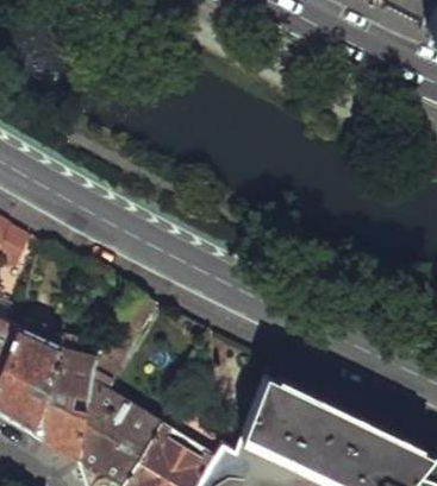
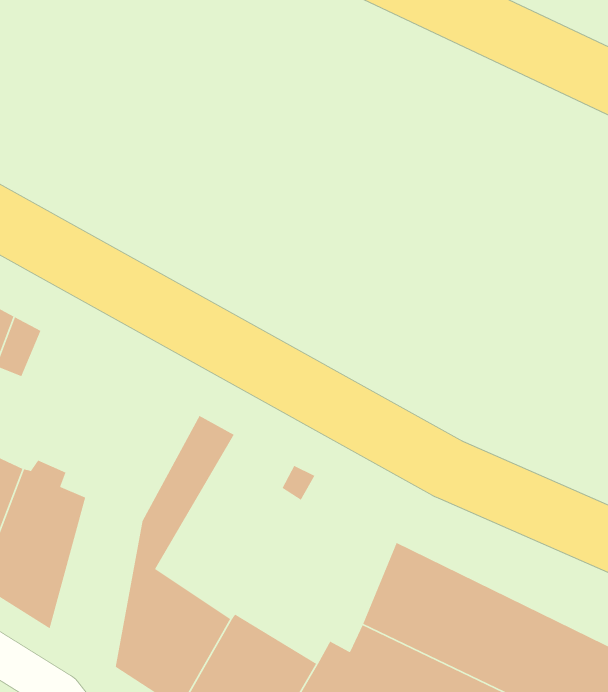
building: [35,335,95,457] -> none

